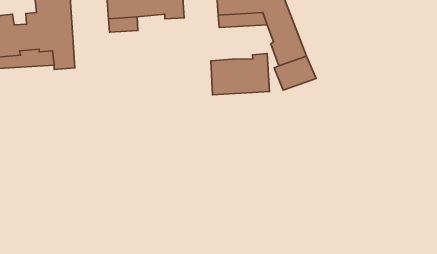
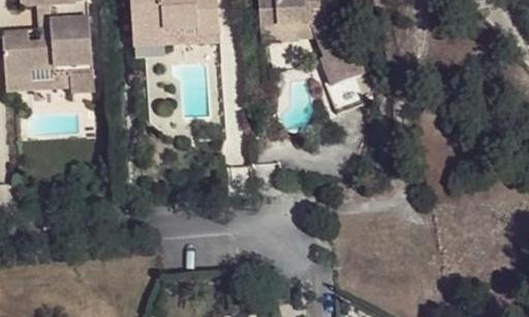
building: [211,53,269,95] -> none

